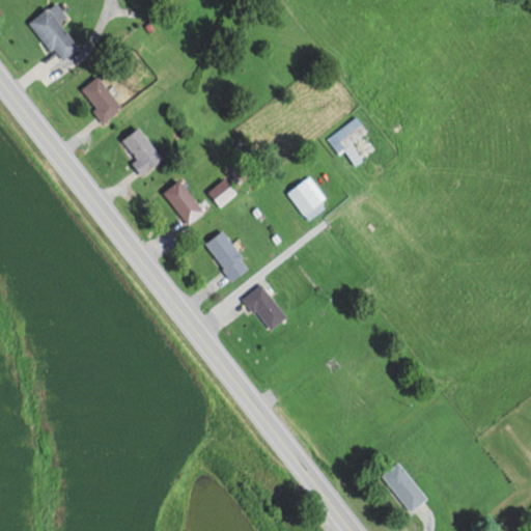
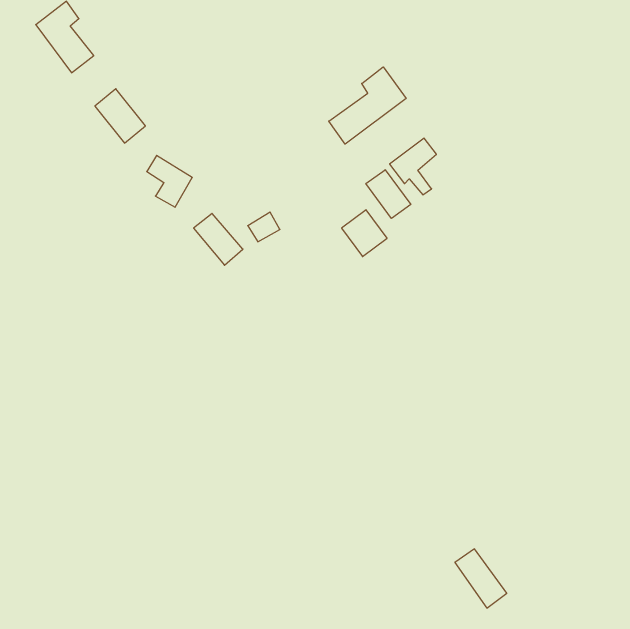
building: none -> [329,67,406,144]
building: none -> [366,170,411,218]
building: [205,231,249,281] -> none
building: [243,284,287,331] -> none

